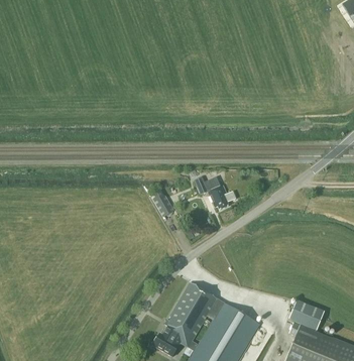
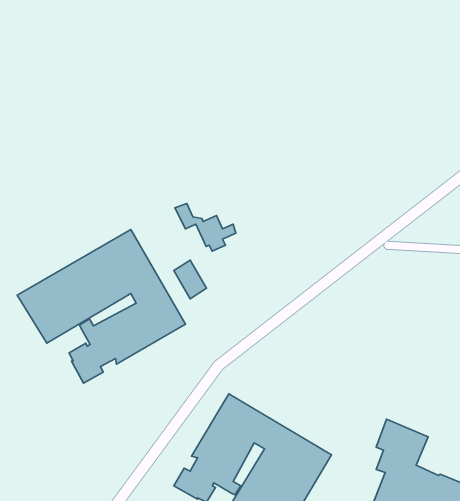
building: none -> [17,229,186,383]
building: [194,176,235,209] -> [175,204,236,251]

